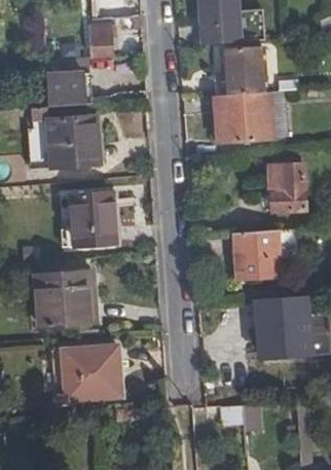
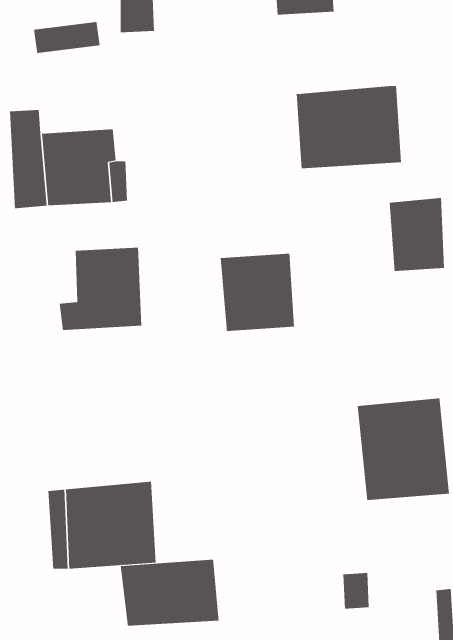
building: [214,47,273,96] -> none
building: [53,77,90,105] -> none
building: [231,229,280,280] -> [220,253,295,332]
building: [37,269,98,326] -> none
building: none -> [120,559,219,626]

